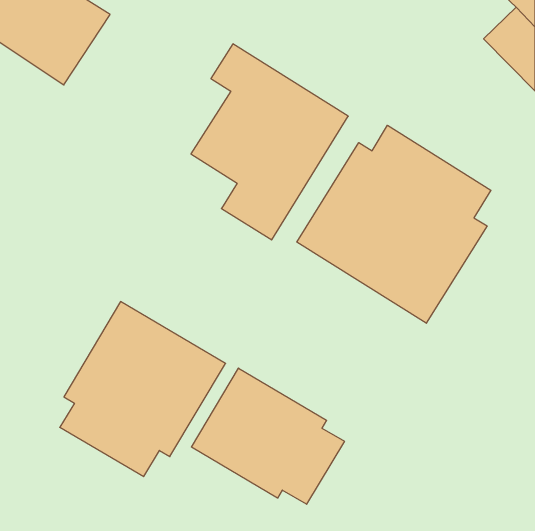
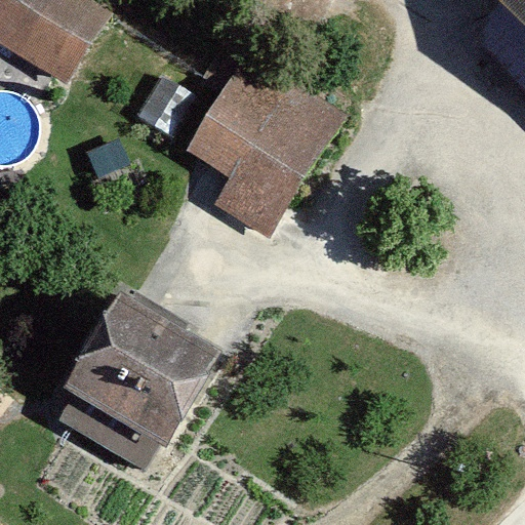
building: [297,125,491,323] -> none
building: [191,368,344,504] -> none

